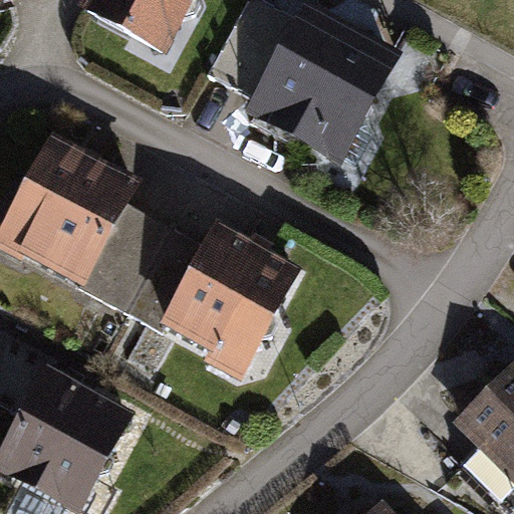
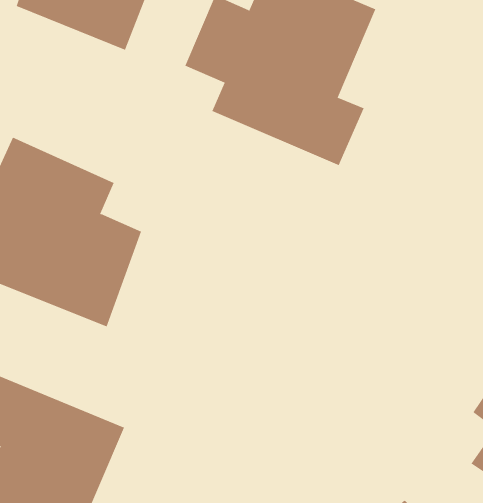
building: [125,221,301,377] -> none

